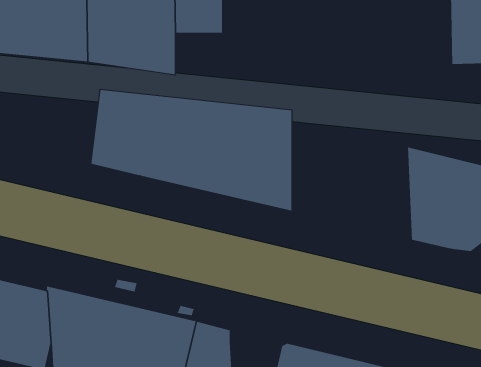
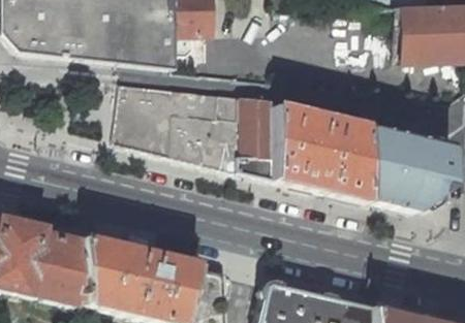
building: none -> [273,104,367,201]

